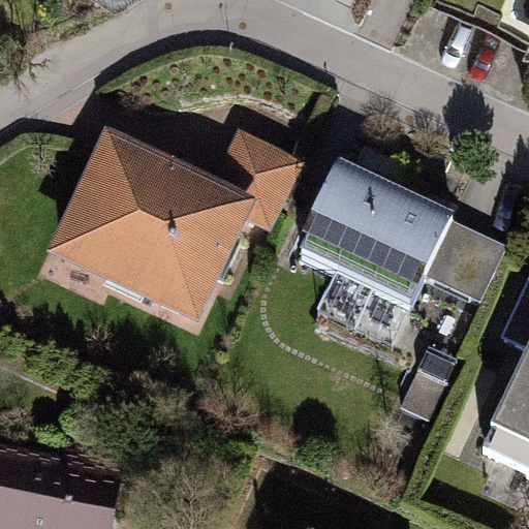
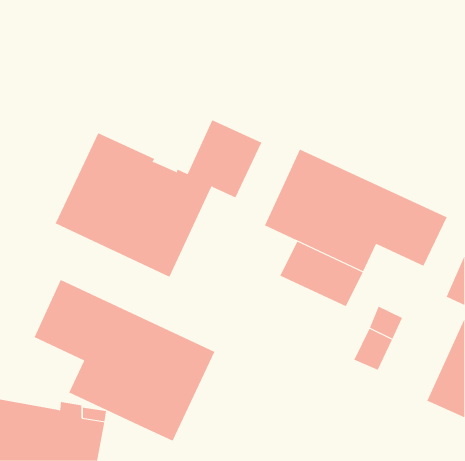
building: none -> [34,279,215,441]

